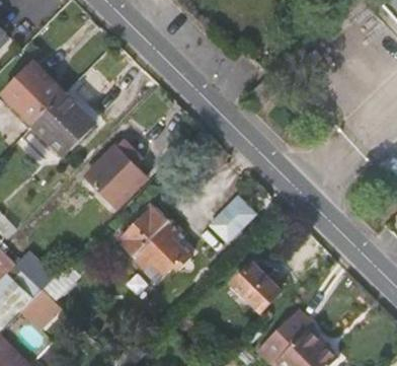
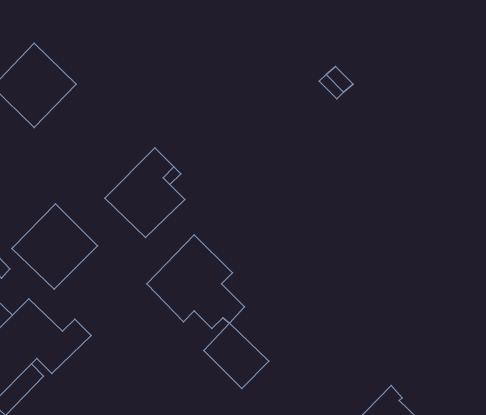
building: [32,91,96,155] -> [12,204,97,289]
building: [209,192,258,241] -> none
building: [229,262,277,310] -> [204,323,269,388]

